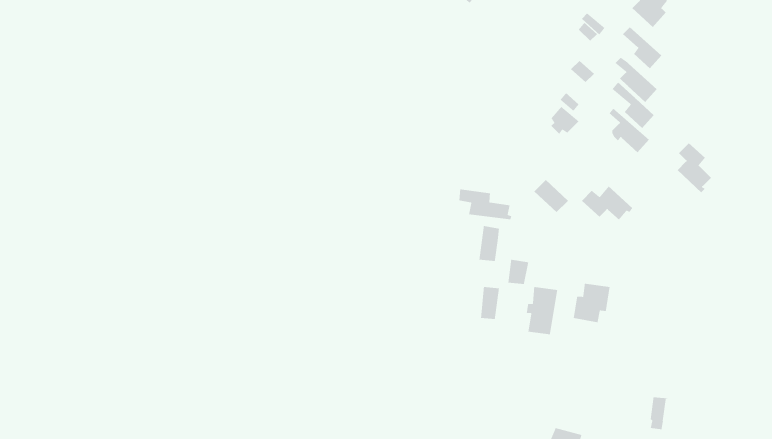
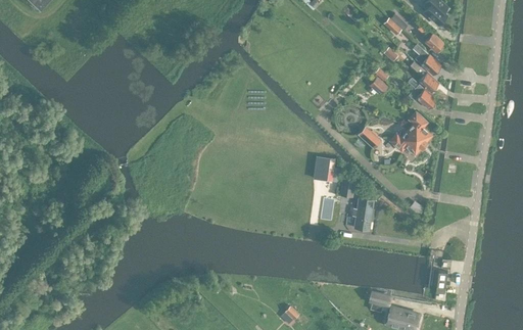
building: [677,143,712,193] -> [408,110,431,144]
building: [458,188,512,220] -> none
building: [573,283,611,323] -> none

